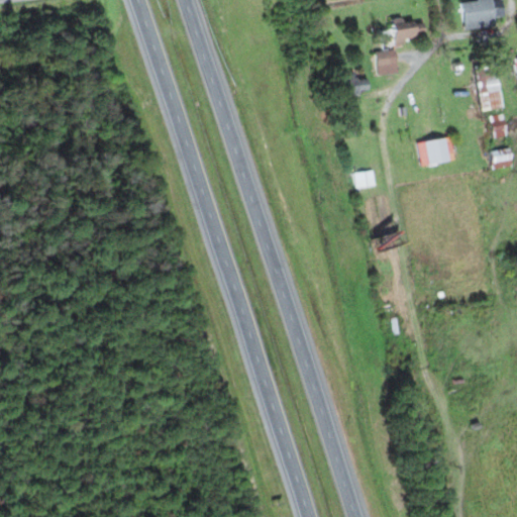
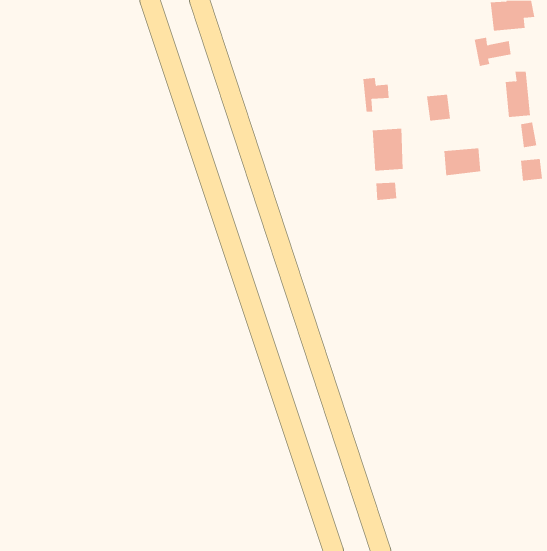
building: [391,18,426,45] -> [474,37,512,66]
building: [376,49,399,75] -> [426,94,451,121]
building: none -> [372,128,403,171]

